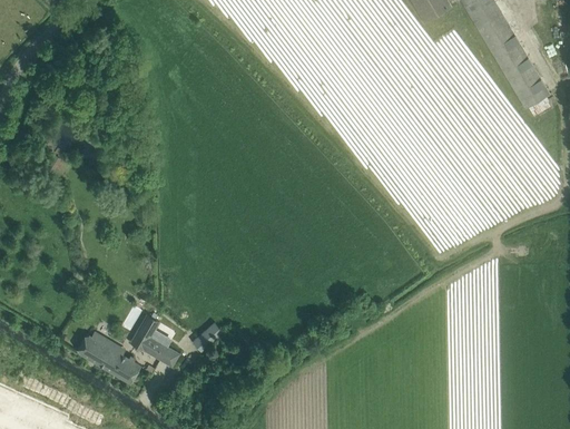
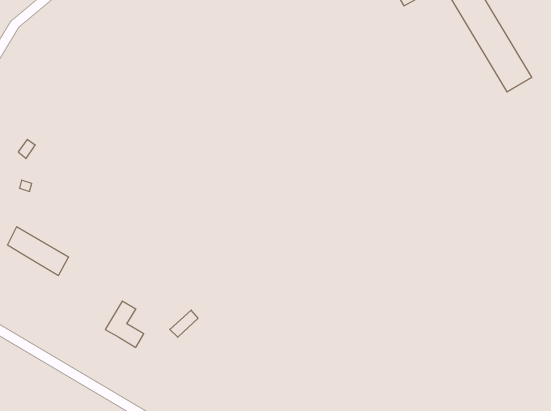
building: [80,334,140,382] -> [7,227,69,275]

